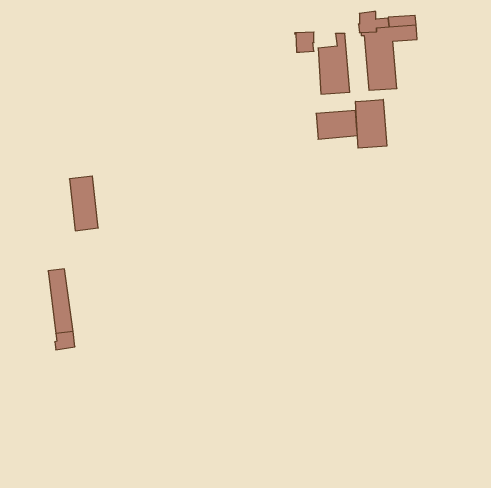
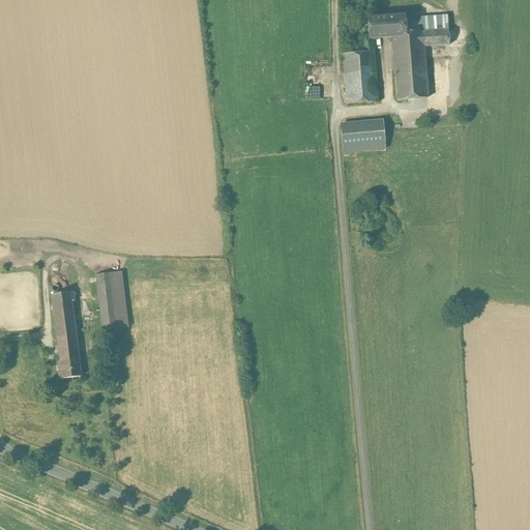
building: [295,32,314,52] -> [366,14,387,36]
building: [356,99,387,148] -> none
building: [69,176,98,231] -> [96,269,127,328]

